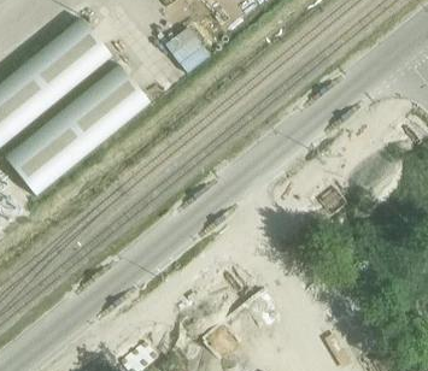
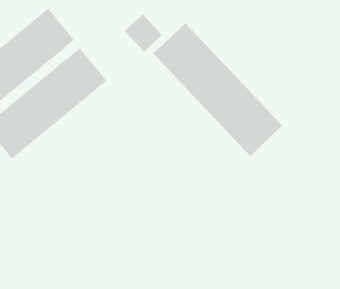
building: none -> [153,22,283,157]

